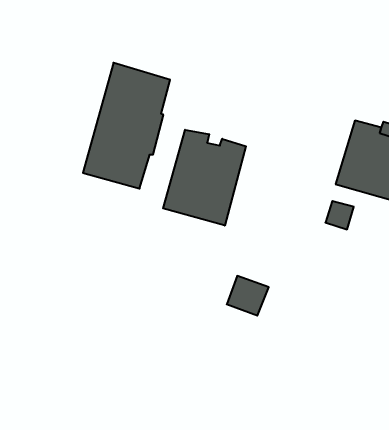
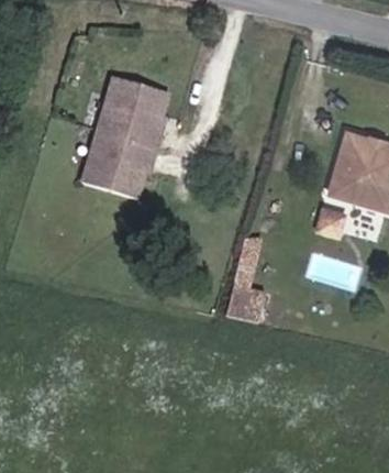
building: [163,130,246,226] -> none

